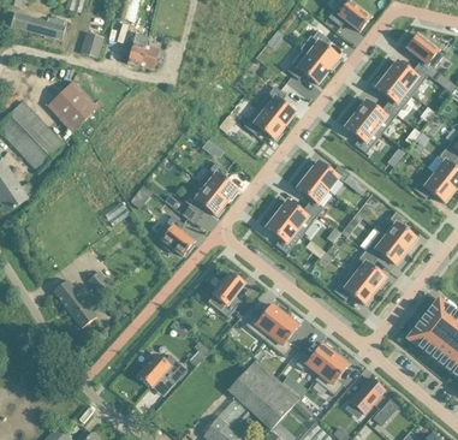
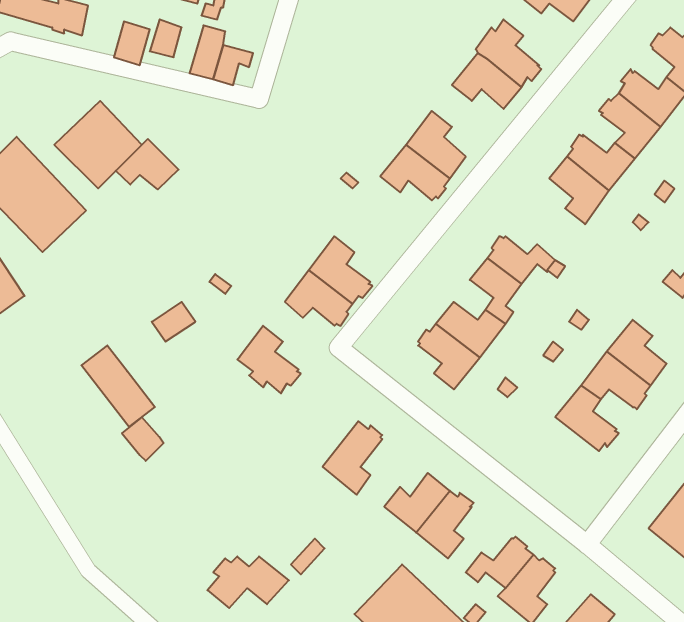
building: none -> [116,139,179,189]
building: [333,270,375,304] -> none
building: [53,279,97,328] -> [81,345,155,427]

